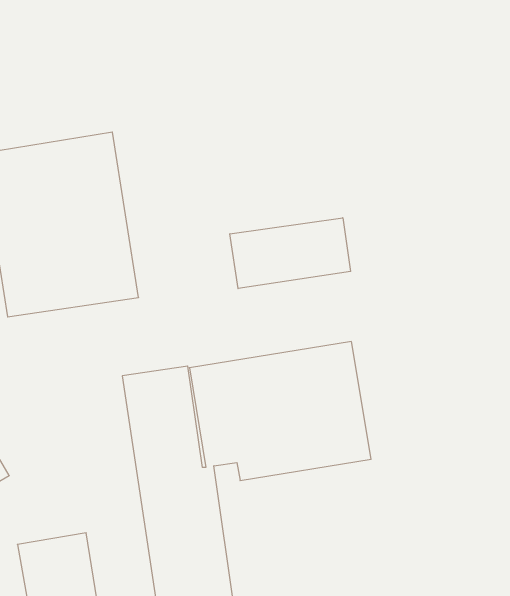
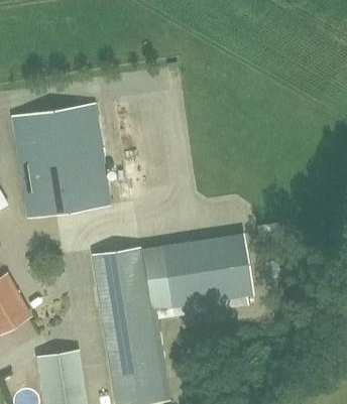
building: [230,218,351,289] -> none

